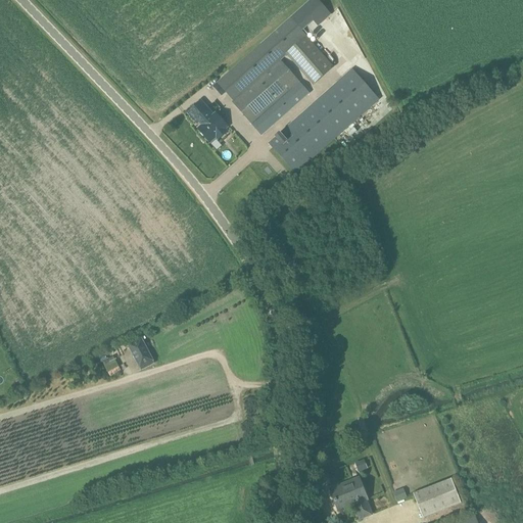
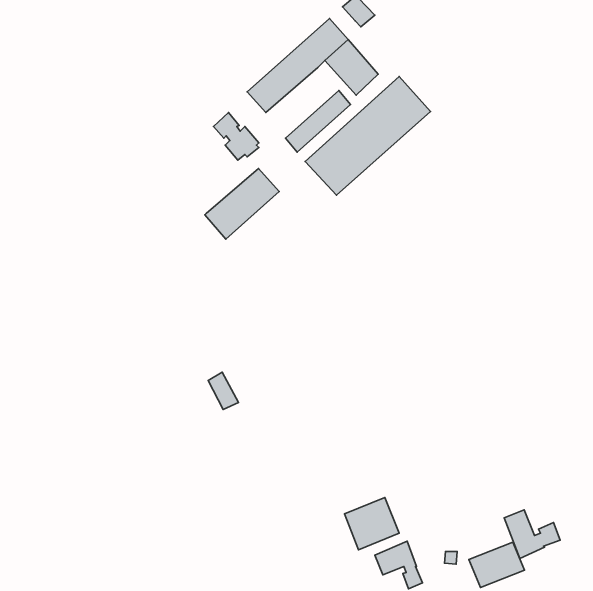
building: [233,59,298,122] -> [205,168,279,239]
building: [128,335,154,368] -> [208,372,238,409]
building: none -> [344,497,399,550]
building: none -> [504,510,560,559]

